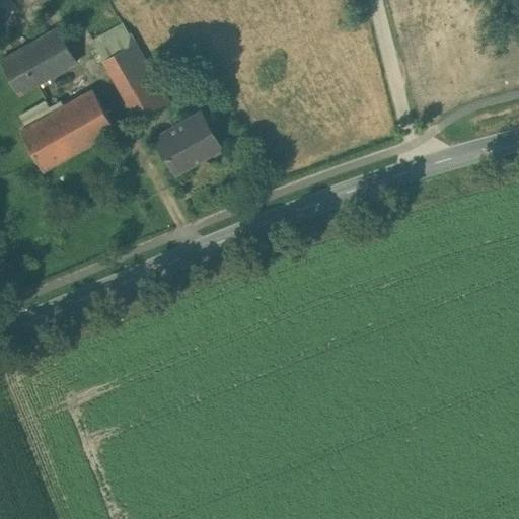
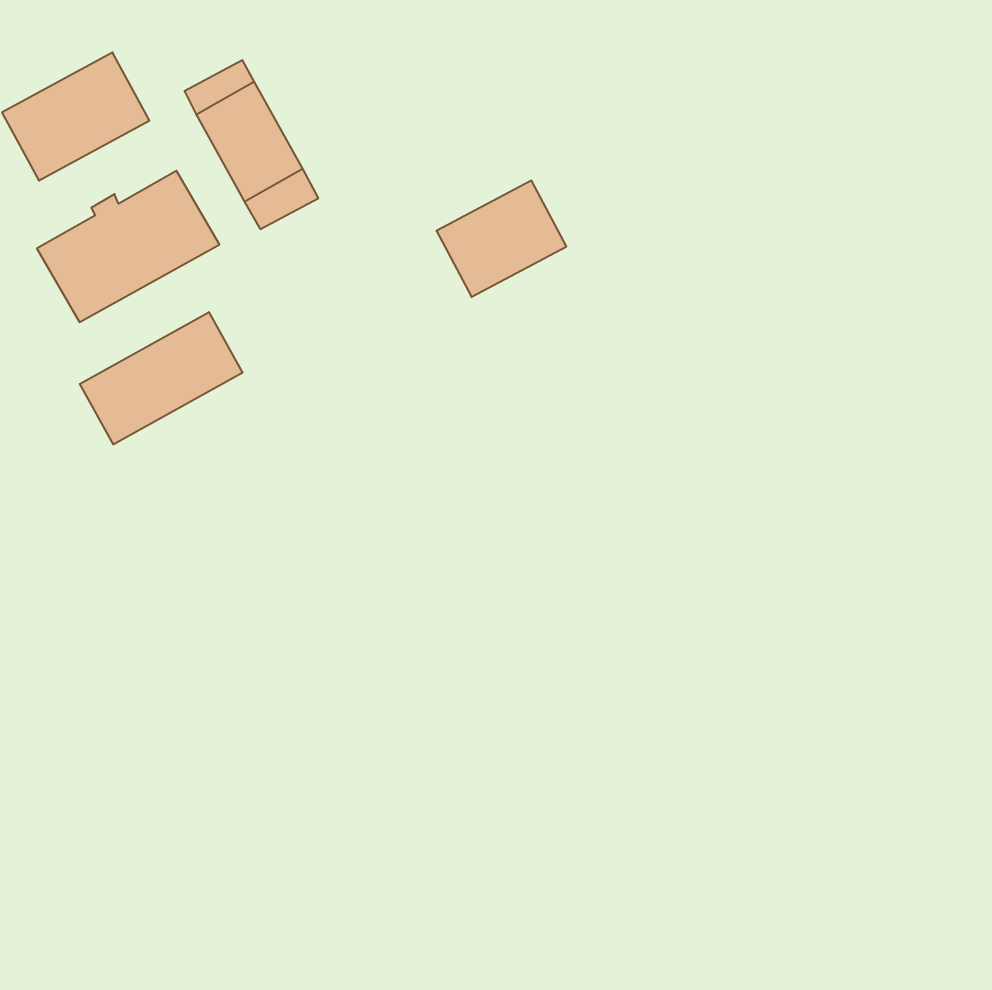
building: [152,115,220,175] -> [436,181,566,297]
building: none -> [80,312,243,444]

